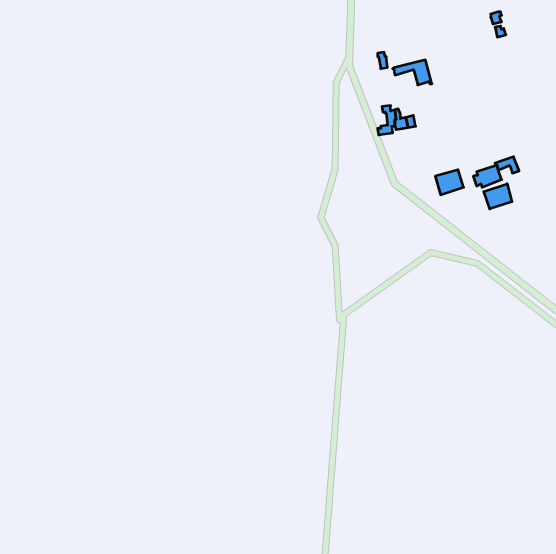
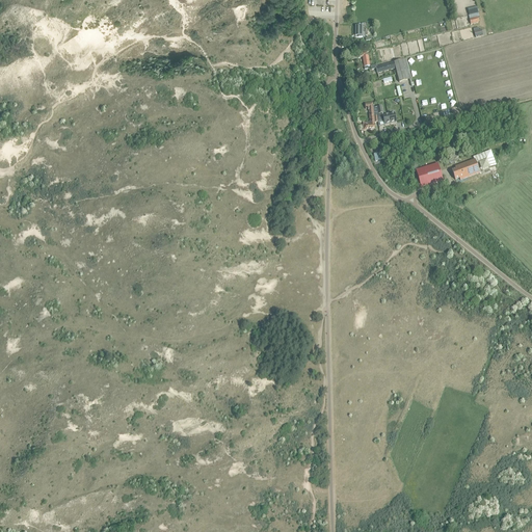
building: [484,184,512,209] -> none

